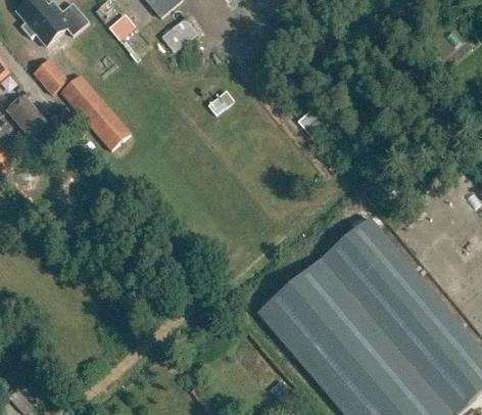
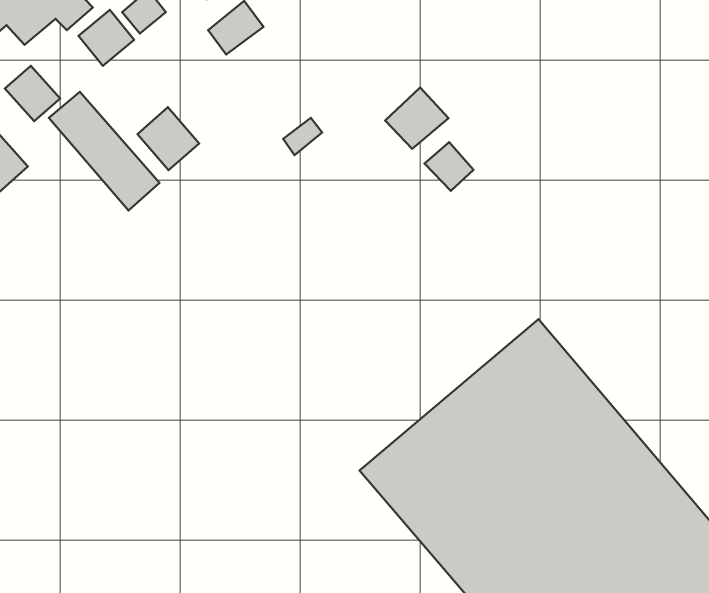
building: none -> [78,10,134,66]
building: none -> [385,88,449,149]
building: none -> [137,107,199,170]

